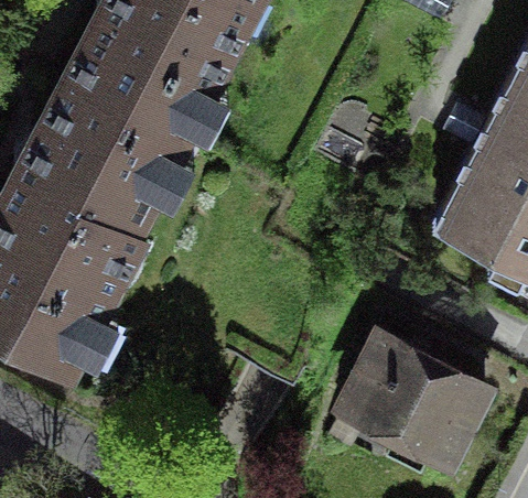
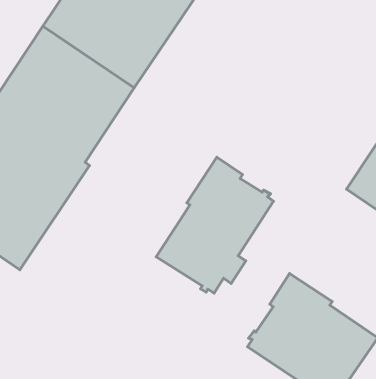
building: none -> [156,157,274,293]

